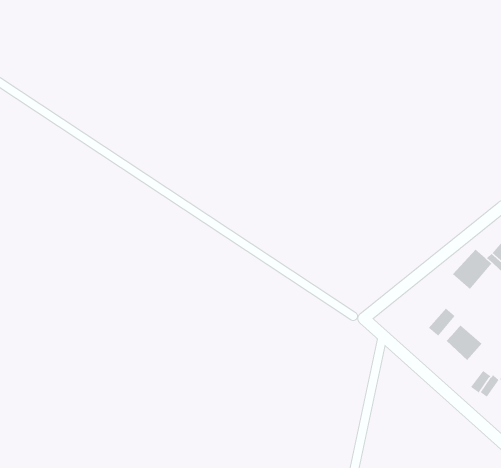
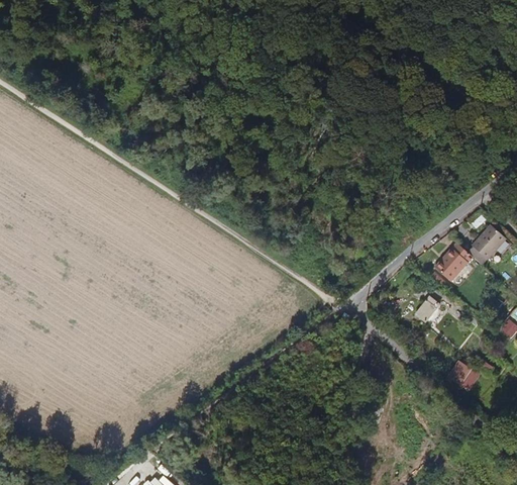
building: [446,325,483,361] -> none

